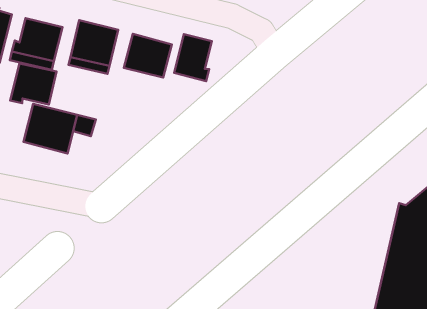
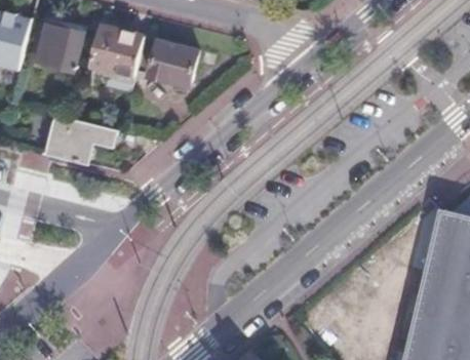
building: [174,34,212,81] -> none
building: [10,63,57,105] -> none

